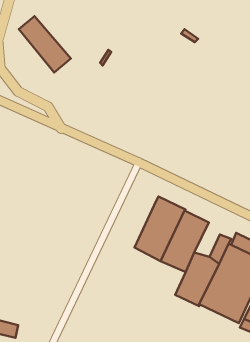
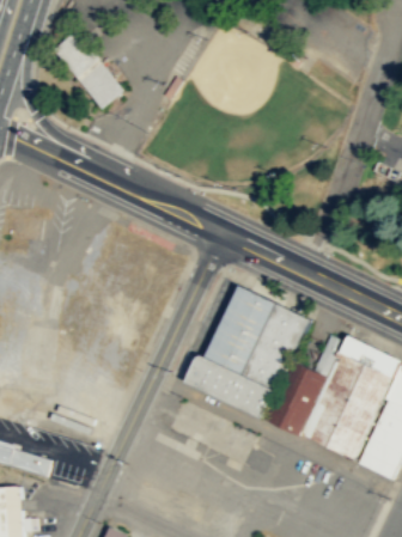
building: none -> [189,353,280,416]

